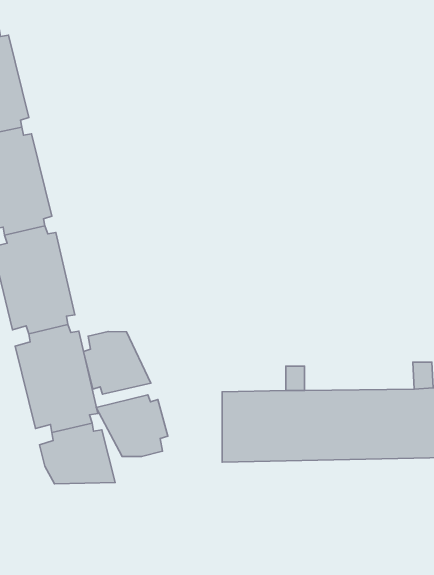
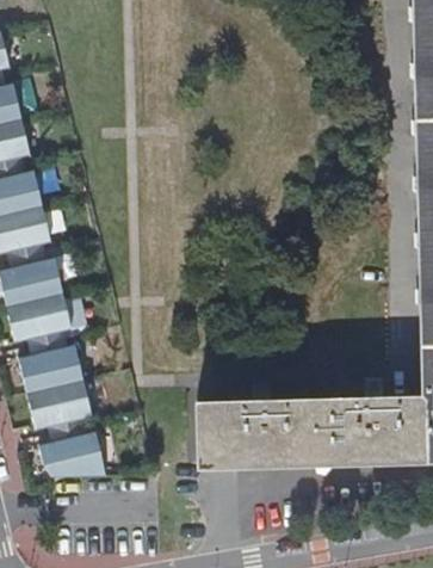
building: [83,331,151,394] -> none
building: [96,395,168,457] -> none

